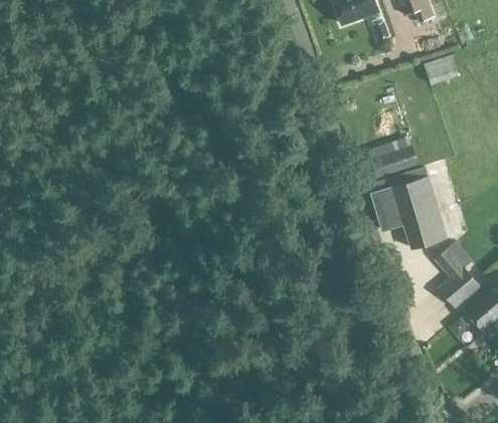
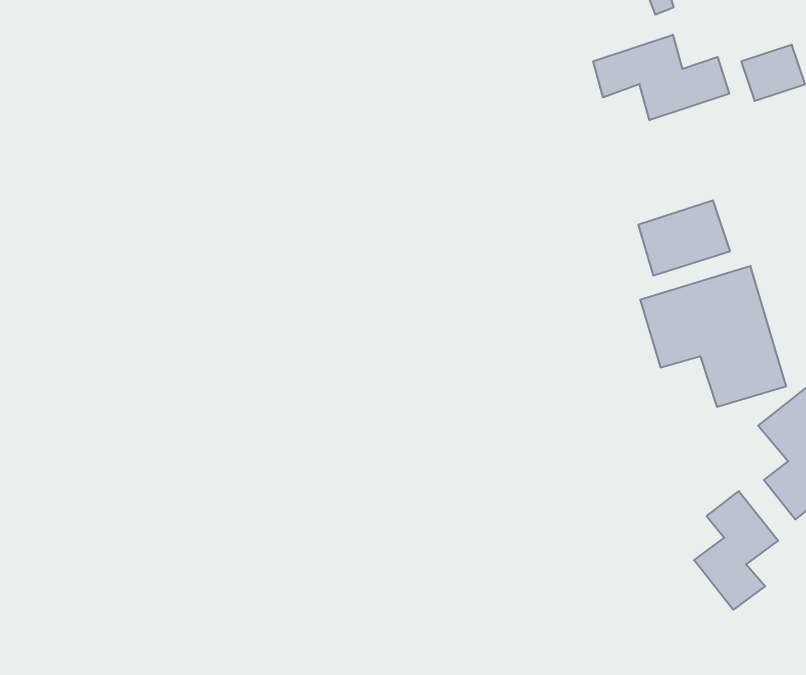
building: none -> [593,35,729,120]
building: none -> [694,491,778,610]

